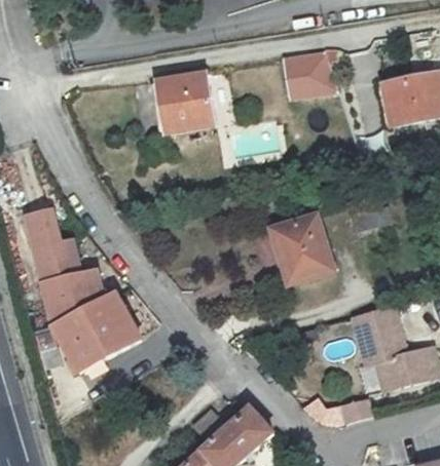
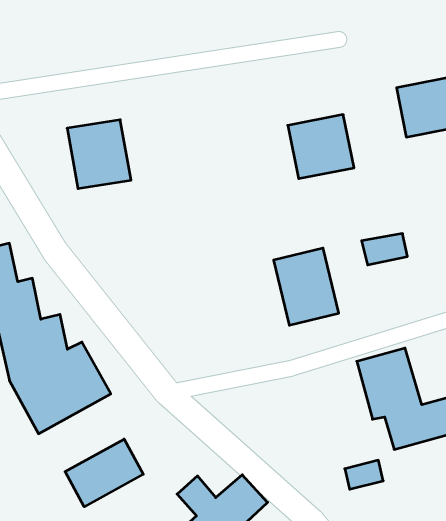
building: [272,49,329,104] -> [288,115,354,179]
building: [159,76,214,134] -> [67,120,131,189]
building: none -> [65,439,143,507]

